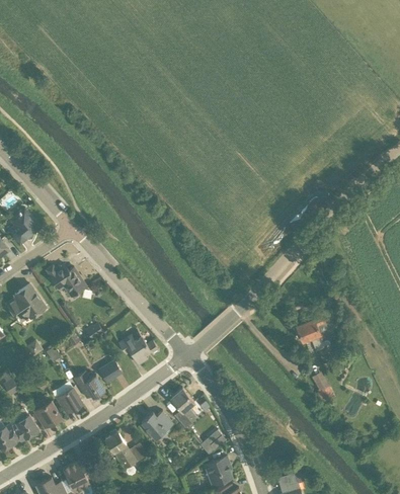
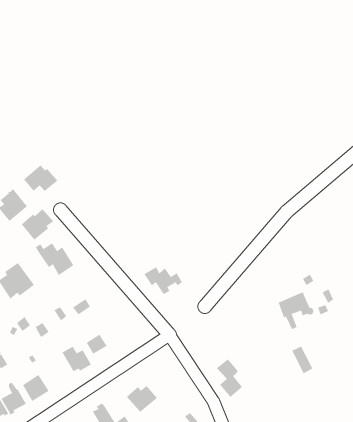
building: none -> [23,164,58,192]
building: none -> [21,209,54,241]
building: [117,334,158,363] -> [144,266,183,295]
building: [55,388,82,414] -> none
building: [170,388,197,428] -> [216,358,243,398]

